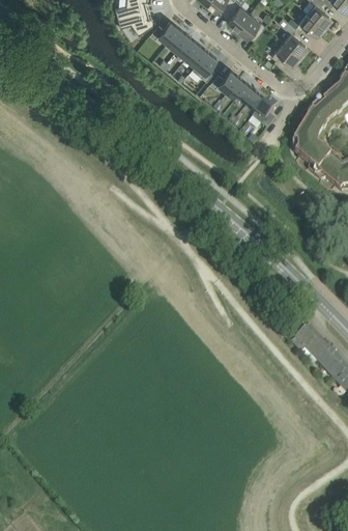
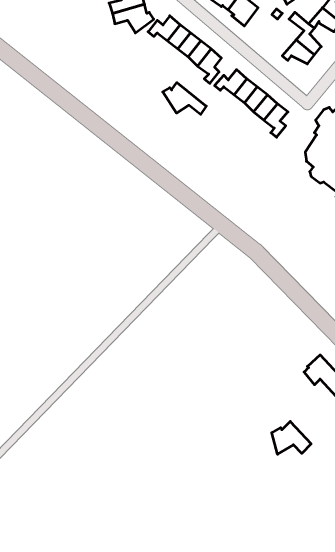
building: [236,9,265,37] -> none
building: none -> [163,83,206,114]
building: none -> [272,421,311,454]

